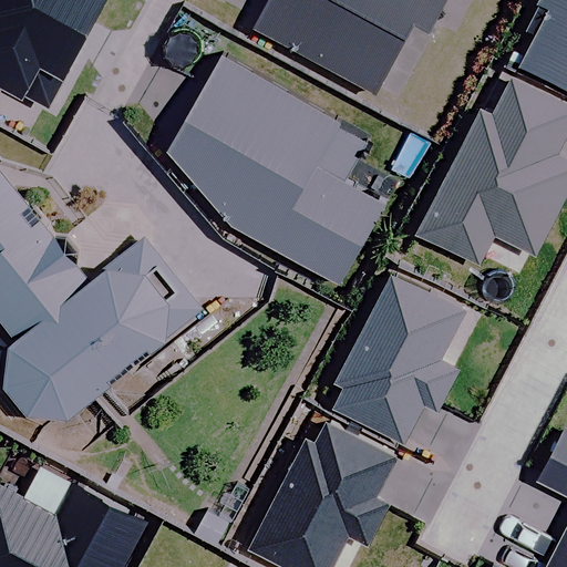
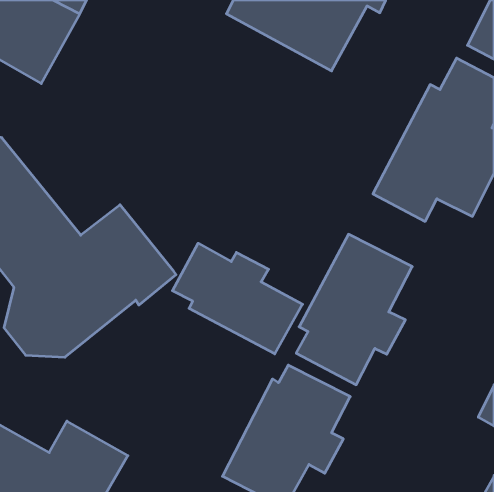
building: [174,59,381,286] -> none
building: none -> [172,243,303,354]

